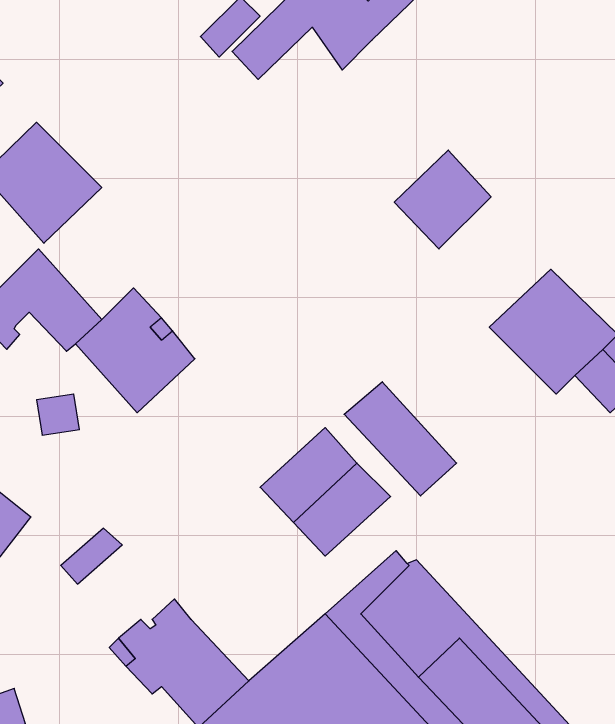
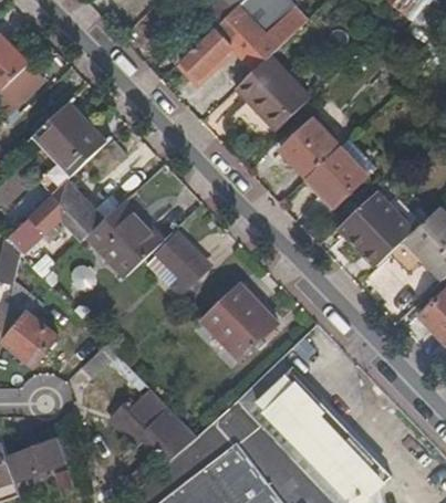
building: none -> [234,55,305,129]
building: none -> [305,148,364,207]
building: none -> [158,239,205,286]
building: [344,382,457,496] -> none

